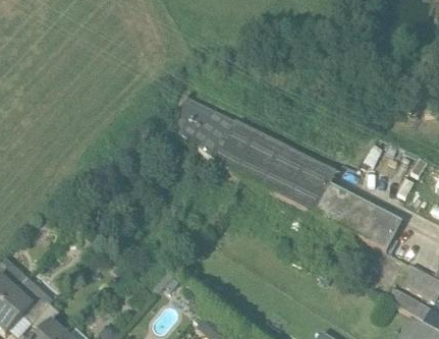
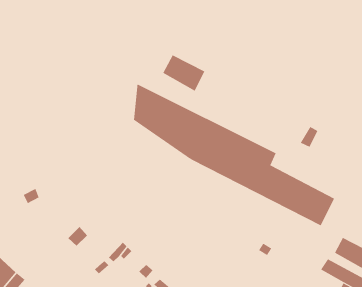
building: none -> [162,54,205,91]

